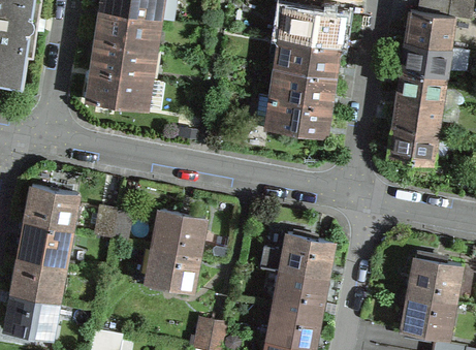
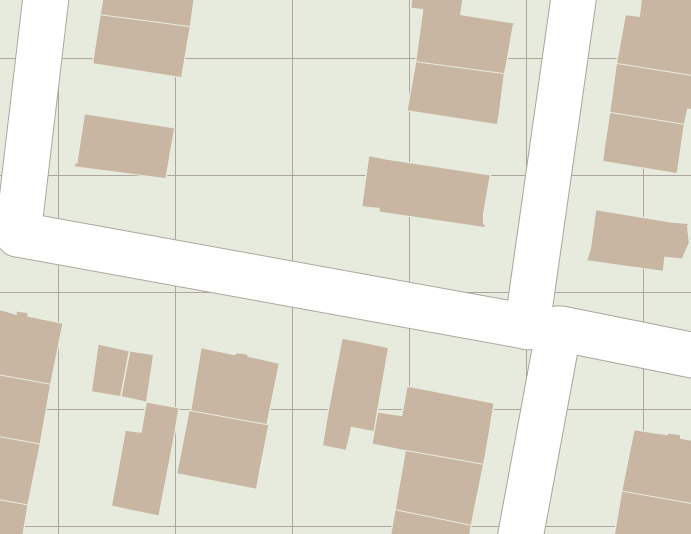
building: [90,40,148,78] -> none
building: [269,67,335,106] -> none
building: [392,98,441,134] -> none
building: none -> [323,338,388,451]
building: none -> [111,402,179,516]

